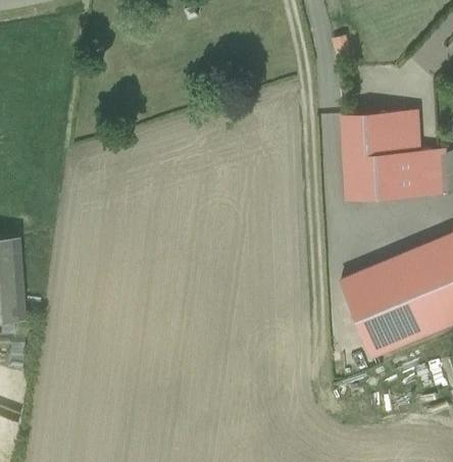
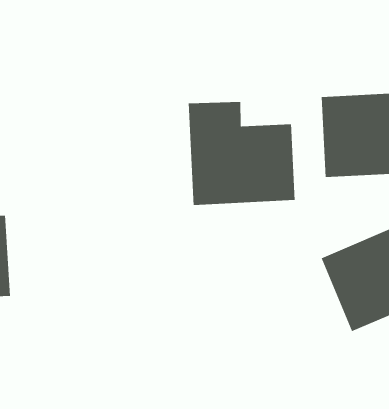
building: none -> [188,101,295,206]

